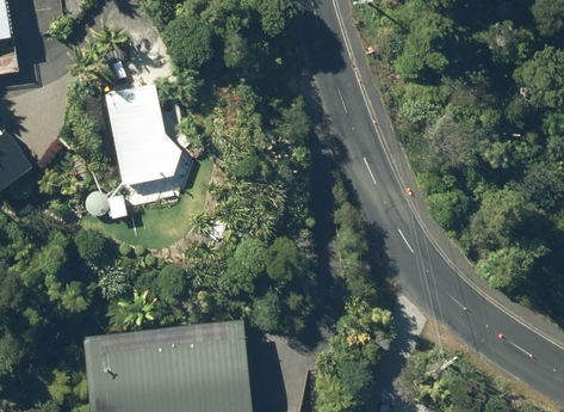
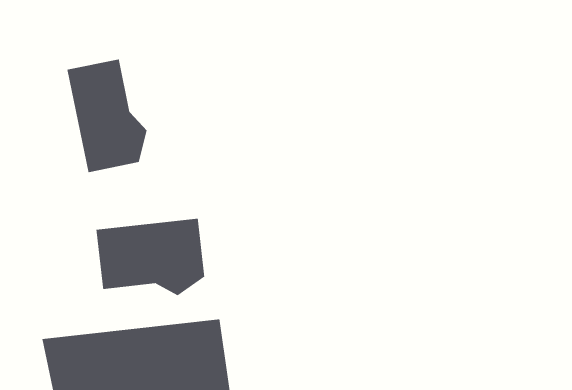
building: none -> [96,218,205,296]

